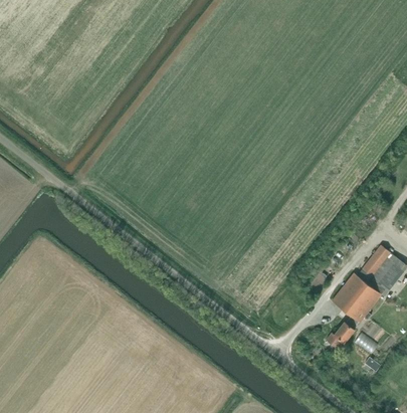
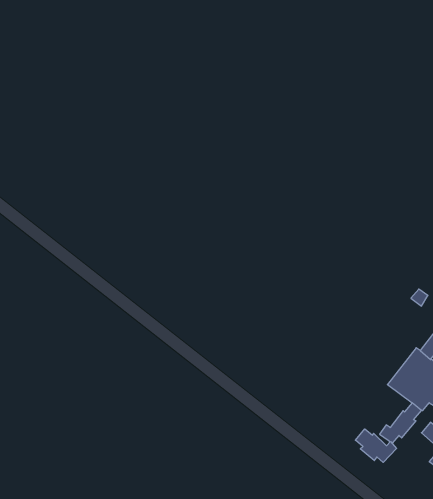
building: none -> [355,429,397,462]

